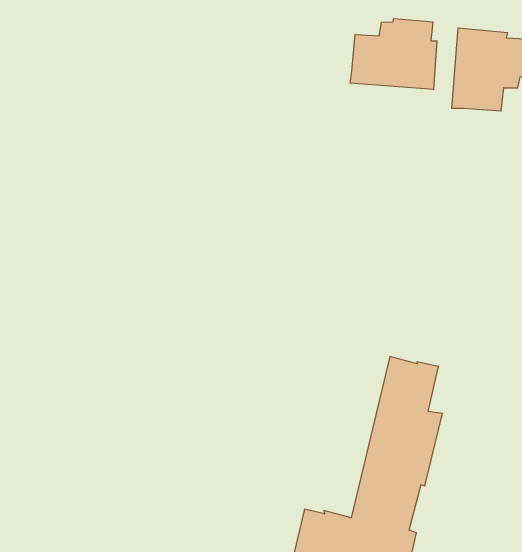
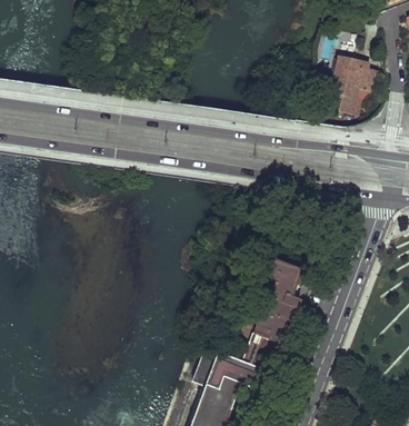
building: [350,19,437,90] -> none

